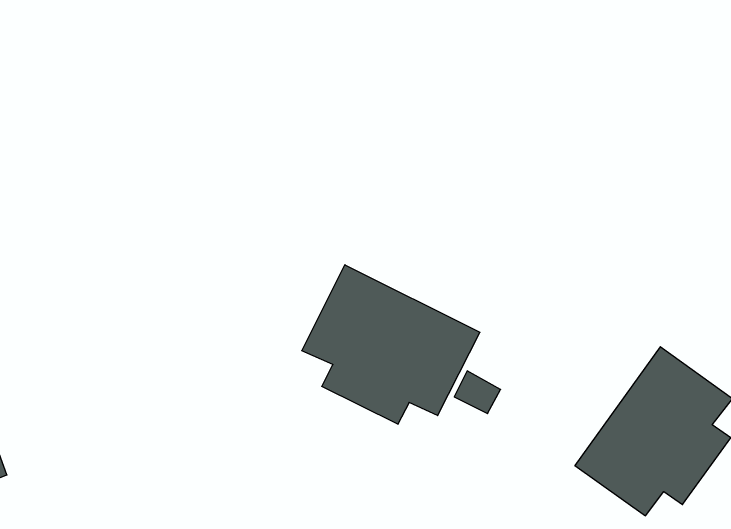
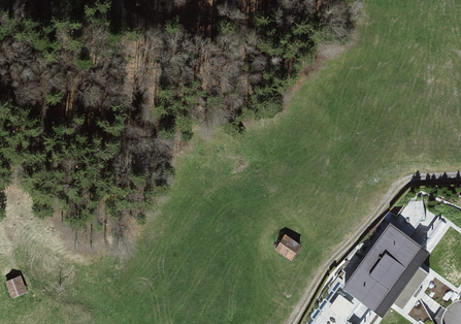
building: [302,265,480,424] -> none

